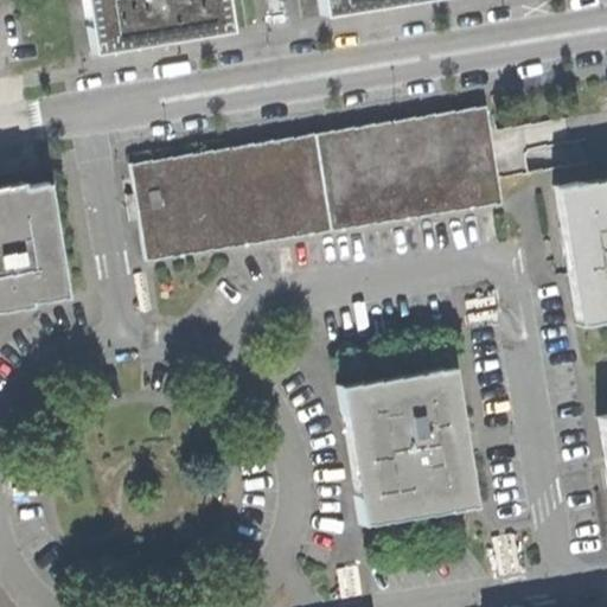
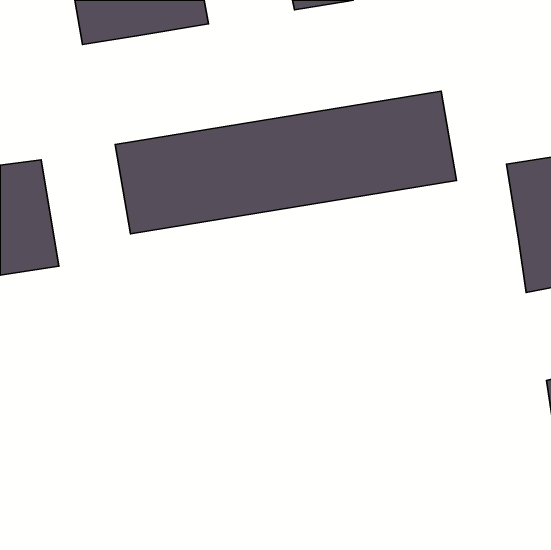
building: [341,368,477,525] -> none

